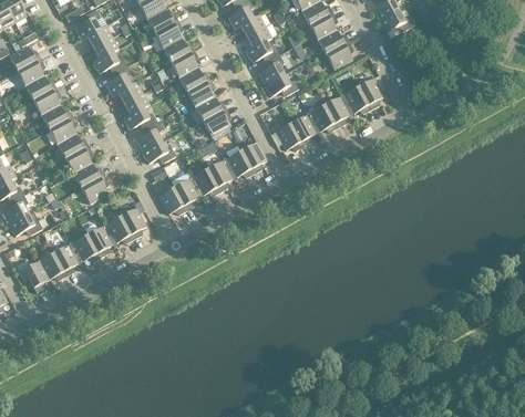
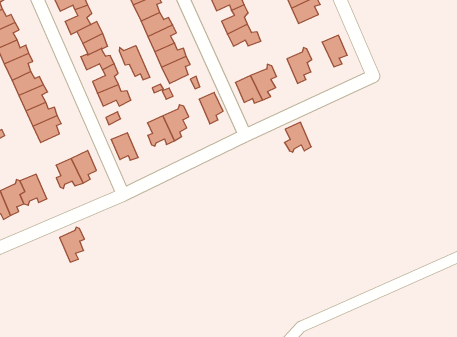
building: [342,85,370,116] -> none
building: none -> [119,46,150,80]
building: [309,104,336,134] -> [284,122,311,152]
building: [226,149,253,179] -> none
building: [173,175,197,210] -> none
building: [86,222,111,257] -> [60,227,84,262]

